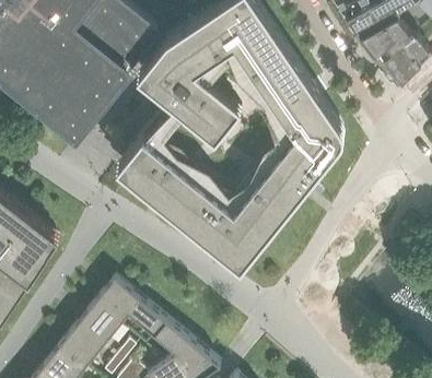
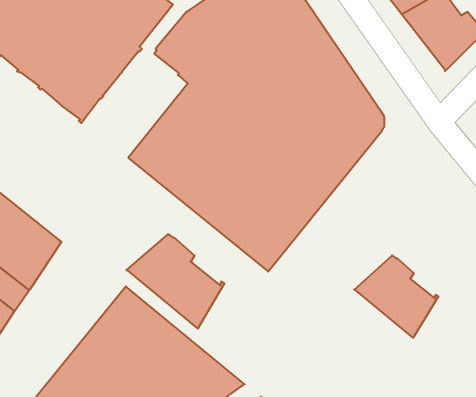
building: none -> [126,234,224,329]
building: none -> [354,255,438,338]

